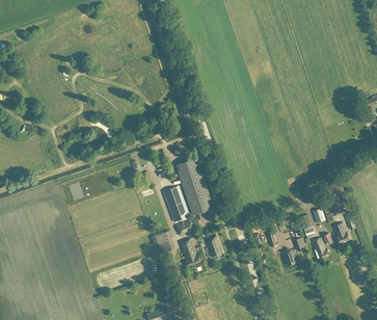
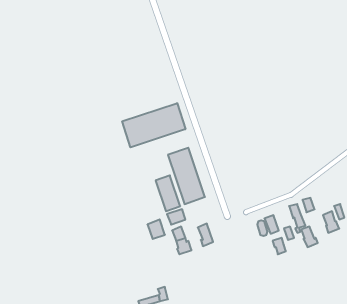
building: none -> [122,103,185,147]

